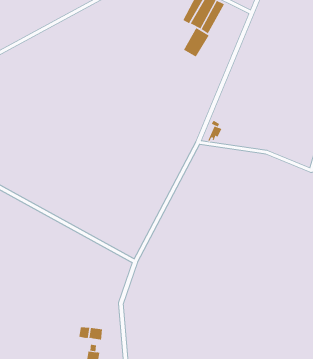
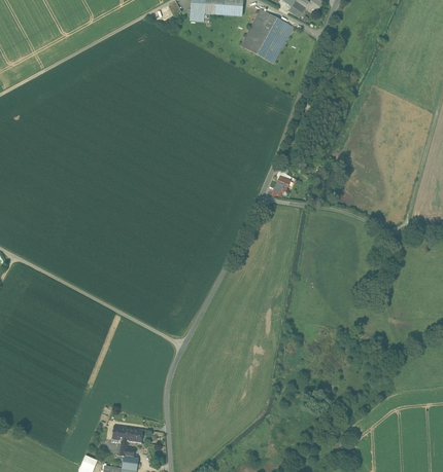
building: [183,27,210,57] -> none

